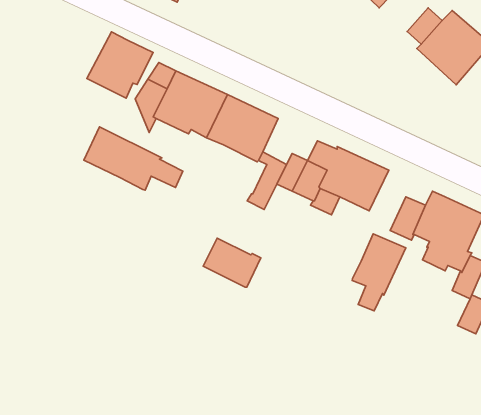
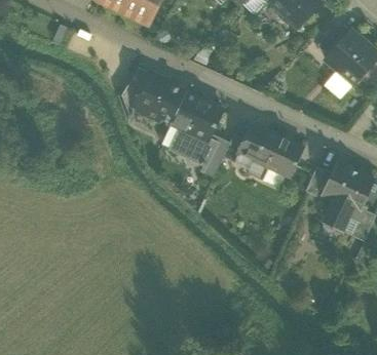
building: [87,32,153,98] -> none
building: [84,127,183,190] -> none
building: [352,234,406,311] -> none
building: [203,238,261,287] -> [173,129,215,165]

